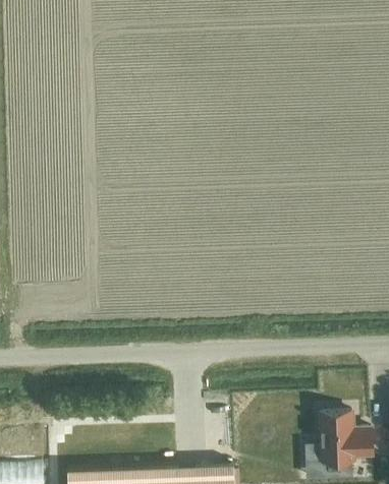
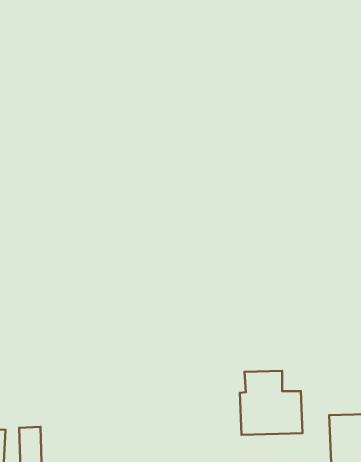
building: none -> [240,371,302,435]

